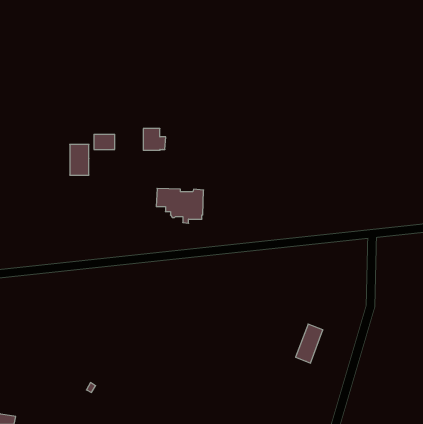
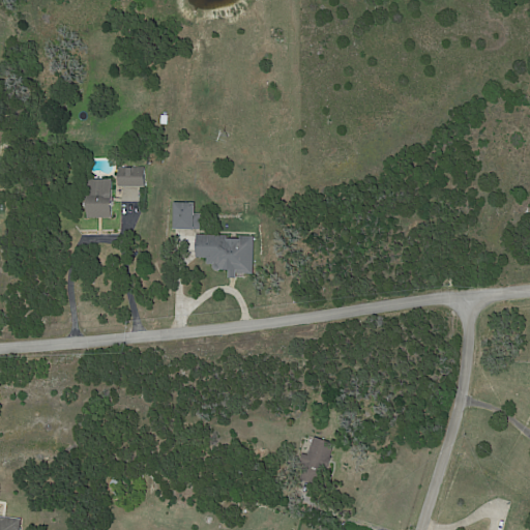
building: [143,129,166,150] -> [172,203,200,230]
building: [296,324,323,363] -> [298,437,332,485]

